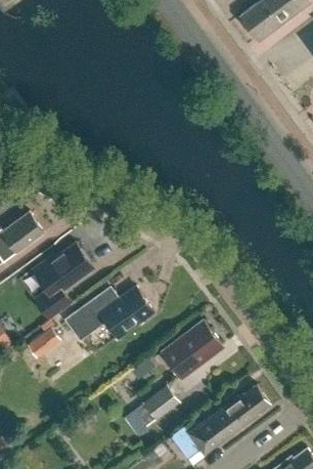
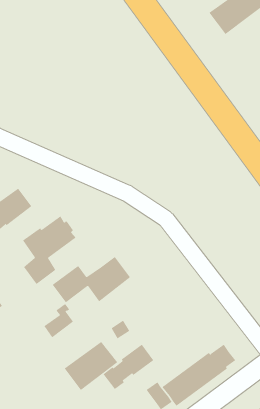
building: [26,319,59,358] -> [43,303,74,338]
building: [162,322,222,377] -> [64,341,118,391]

